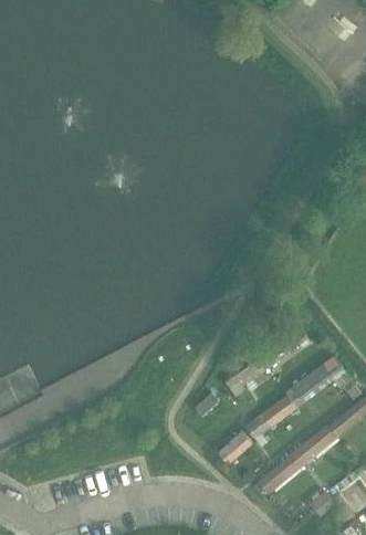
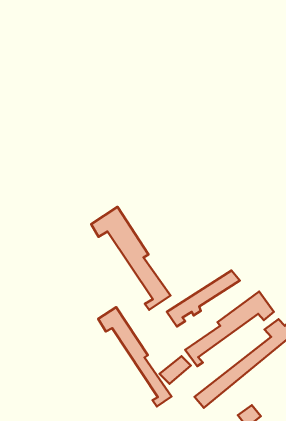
building: none -> [91,207,171,310]
building: none -> [98,307,171,406]

